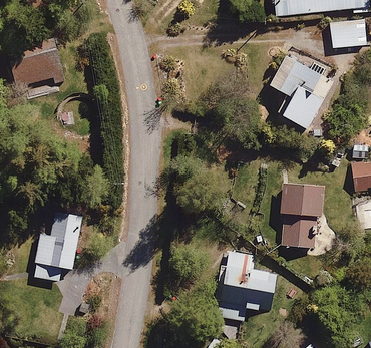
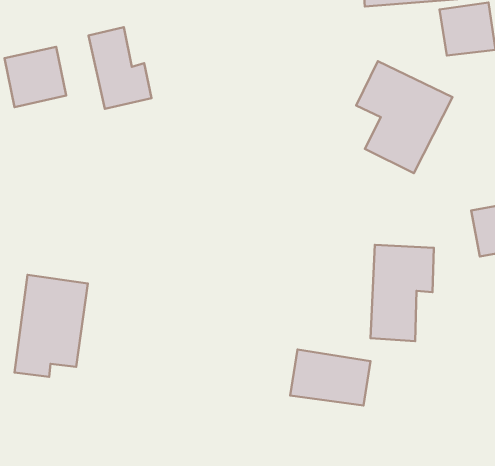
building: none -> [89,27,151,109]

